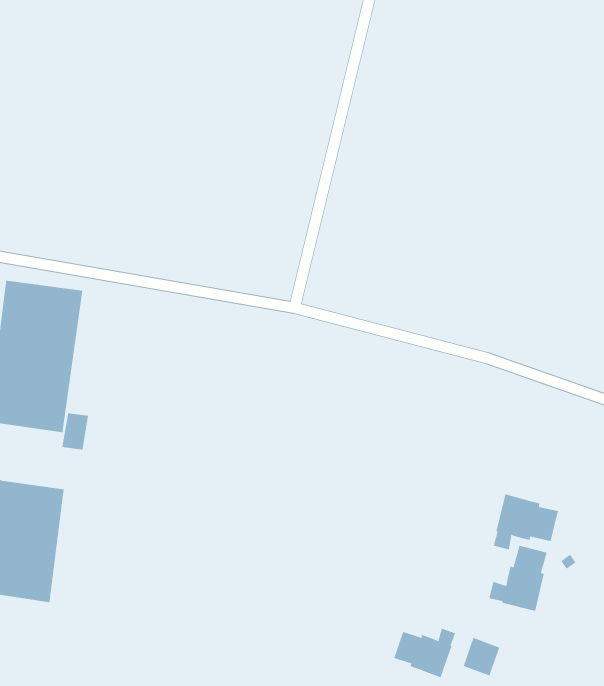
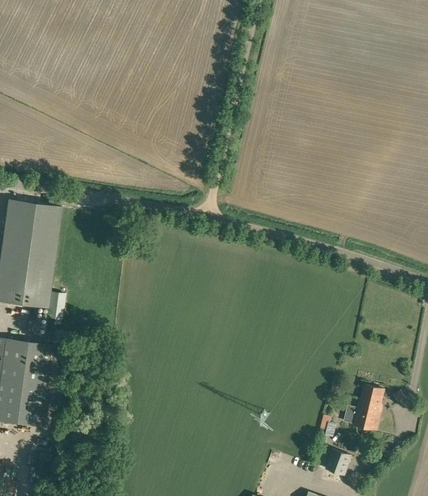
building: [493,493,559,550] -> none
building: [393,628,456,678] -> none

